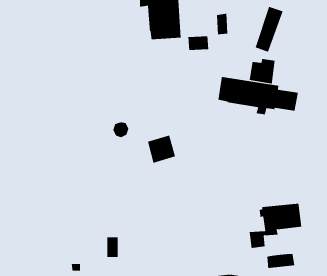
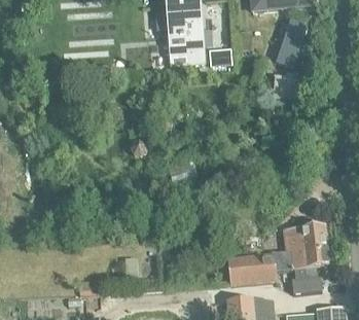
building: [218,76,298,115] -> none
building: none -> [289,248,329,277]
building: none -> [228,253,276,284]

